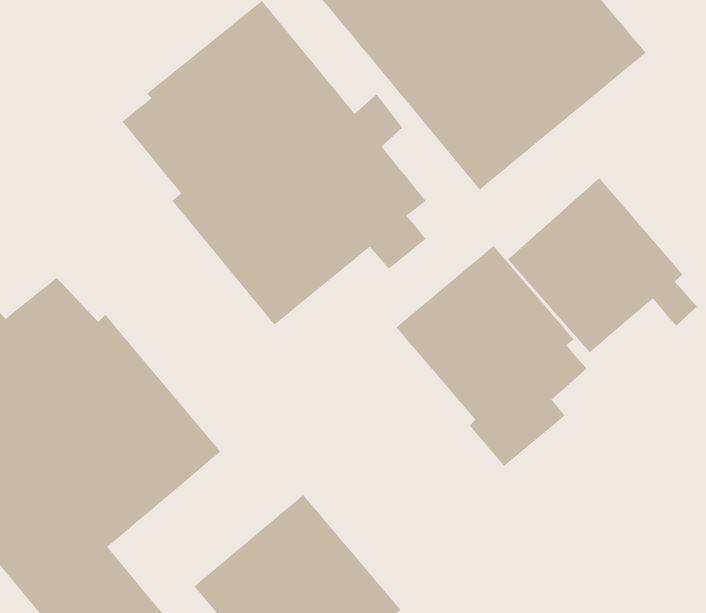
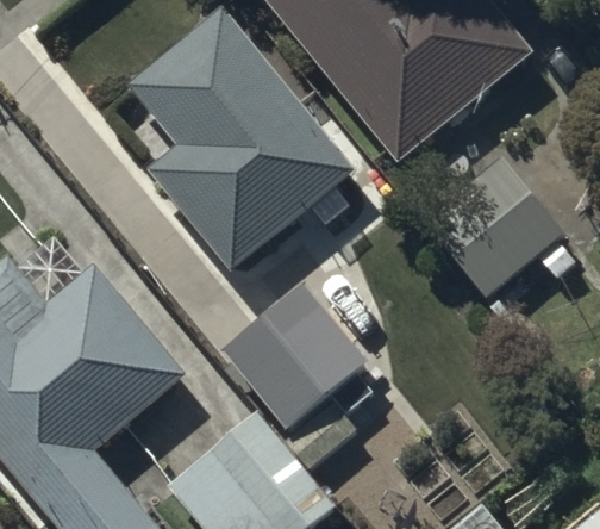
building: [395,245,588,467] -> [221,284,377,463]

